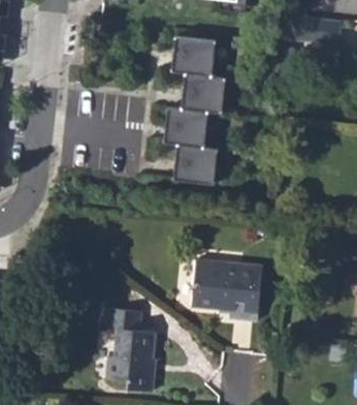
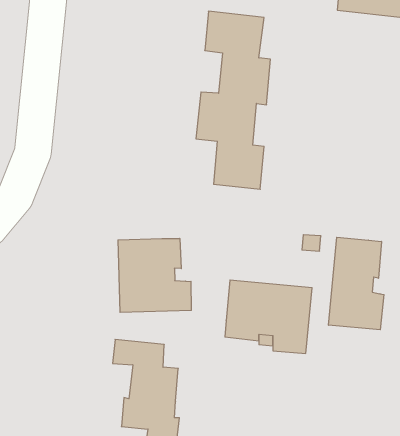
building: none -> [329,237,384,330]
building: none -> [118,238,191,312]

